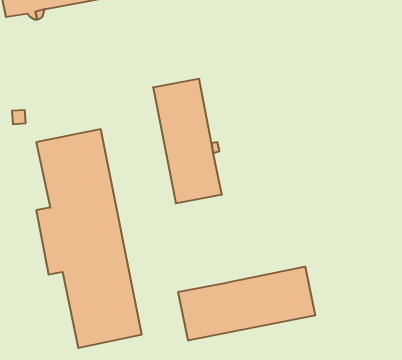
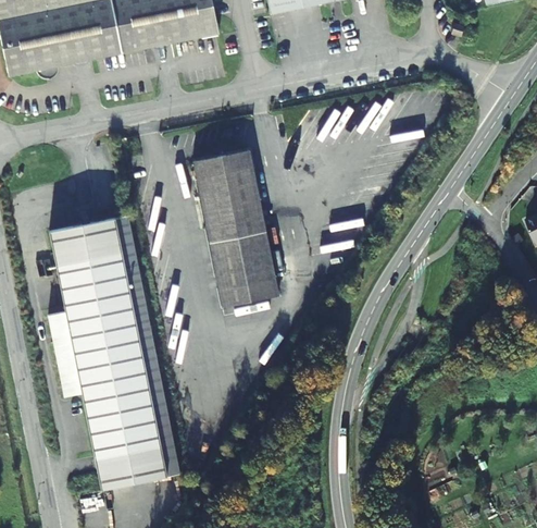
building: [178,267,315,341] -> none

